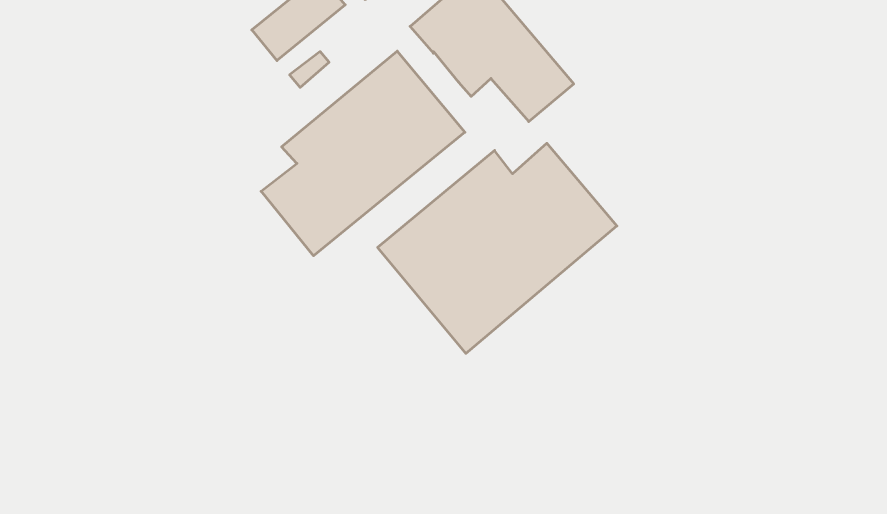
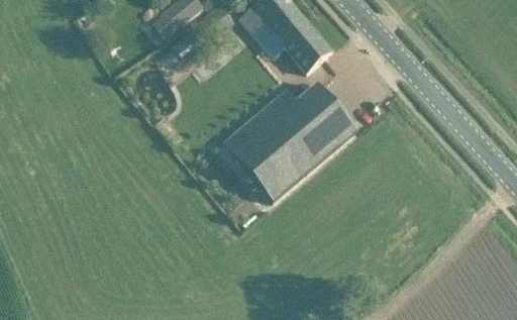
building: [261,51,465,256] -> none

